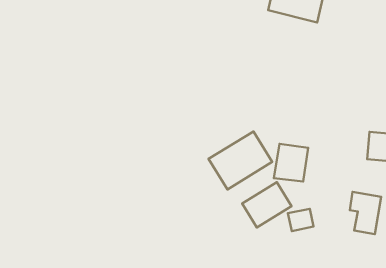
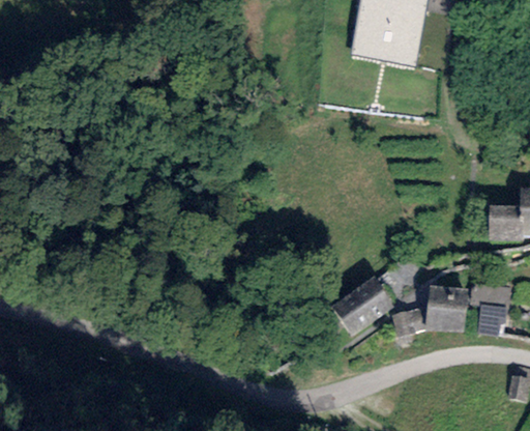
building: [209,131,272,189] -> none
building: [274,144,308,181] -> [425,285,468,332]

